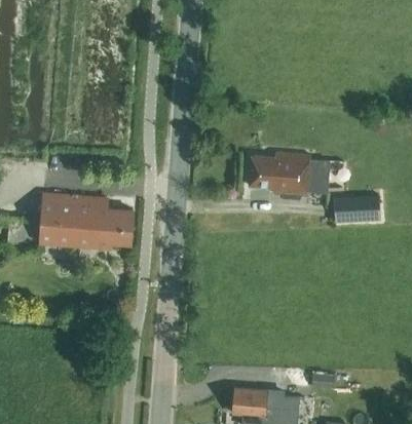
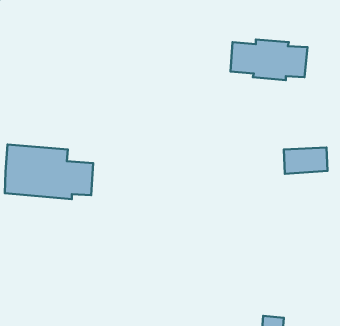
building: [249,153,330,196] -> [231,39,307,80]

